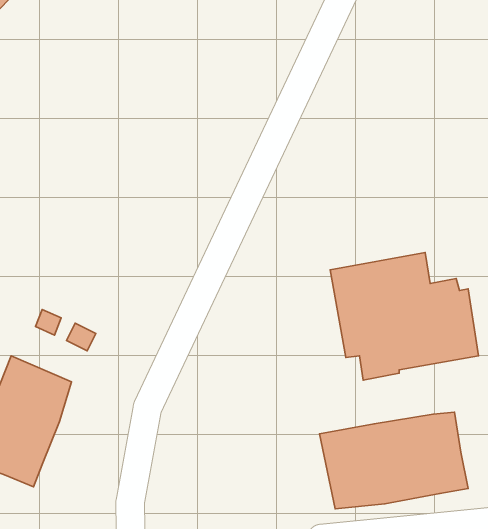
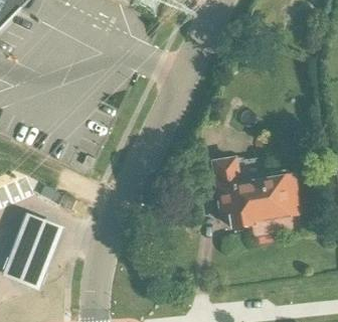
building: [319,412,468,509] -> none

